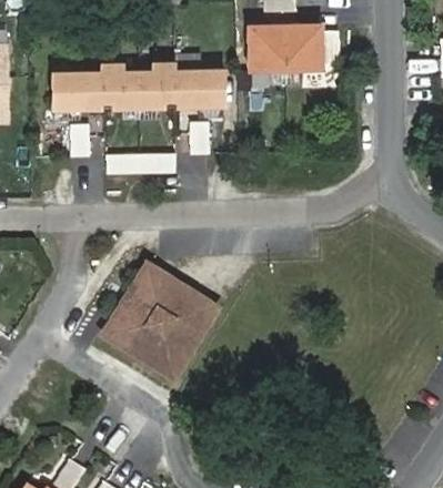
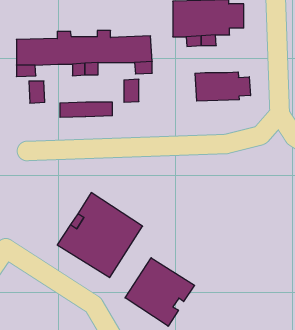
building: none -> [195,72,250,101]
building: none -> [125,258,195,326]

